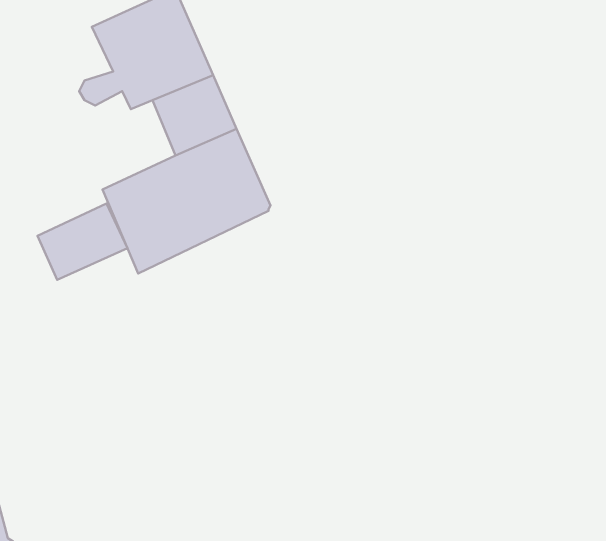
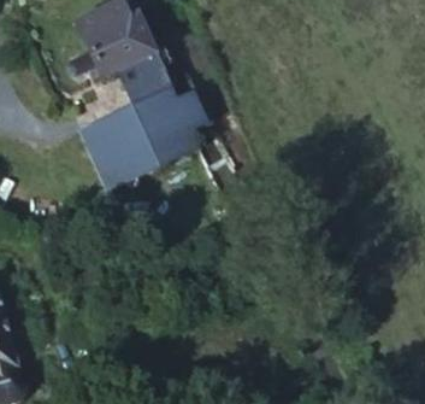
building: [38,203,127,280] -> none

